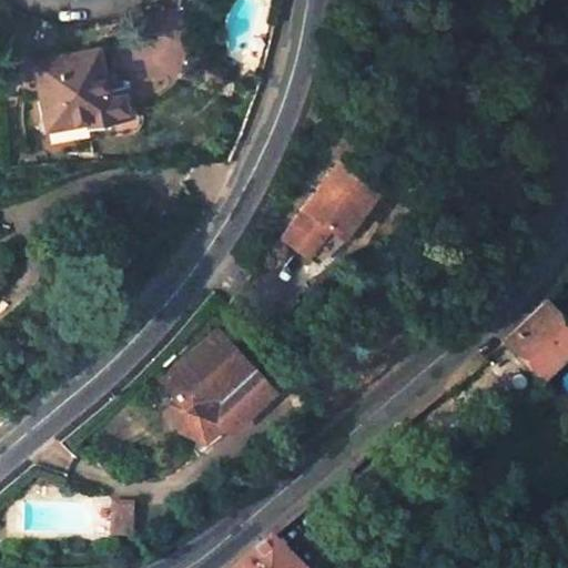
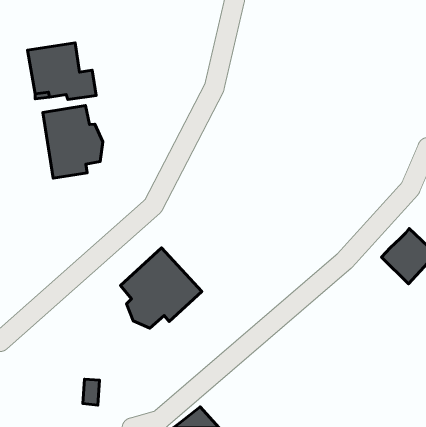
building: none -> [43,106,103,178]
building: [283,163,377,256] -> none

